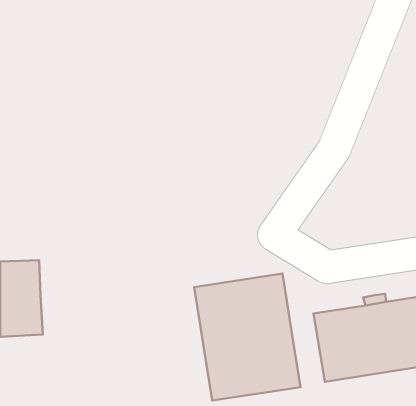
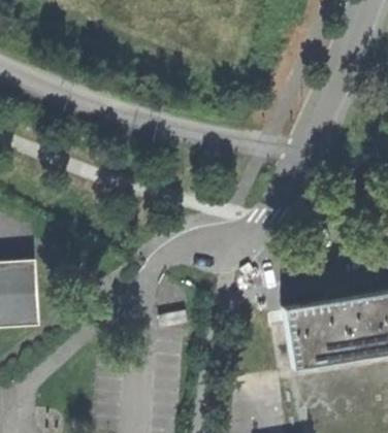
building: [194,274,301,400] -> none

